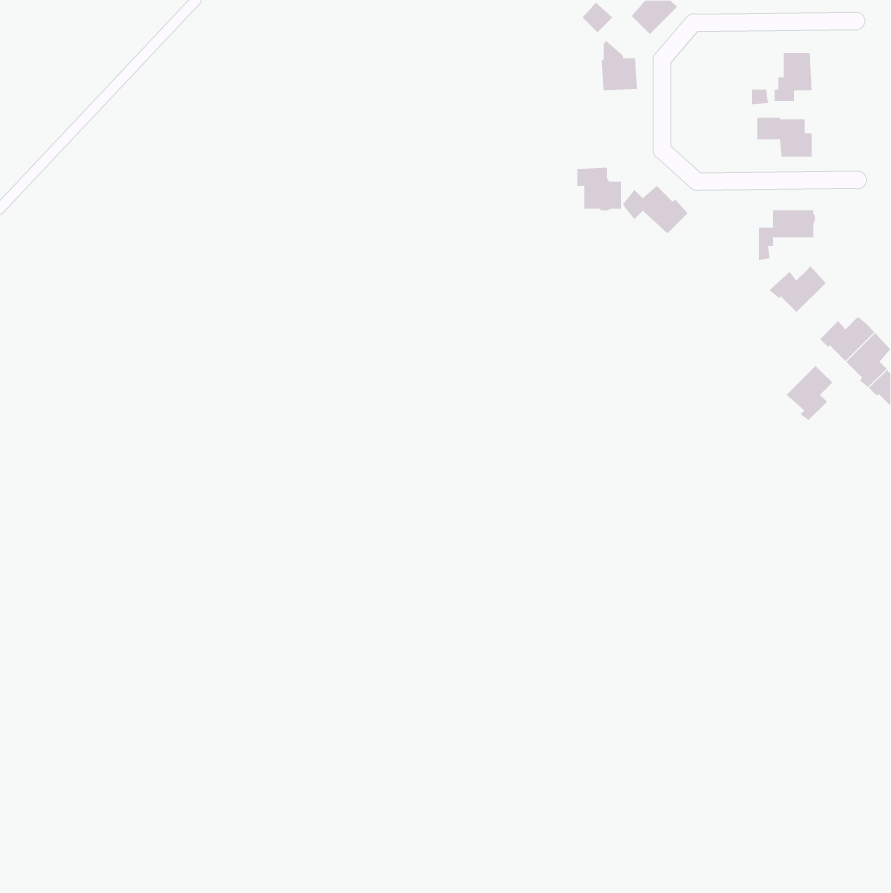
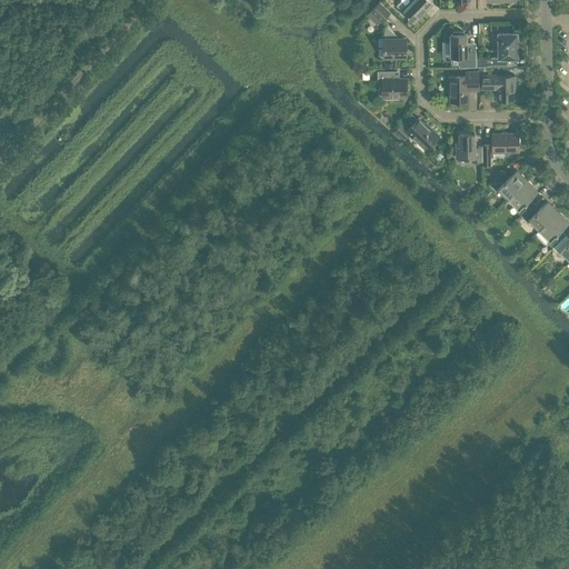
building: none -> [450,31,476,67]
building: none -> [450,71,478,102]
building: [577,167,622,211] -> [377,70,406,98]
building: none -> [456,133,481,161]
building: [786,365,833,421] -> [507,180,537,216]

